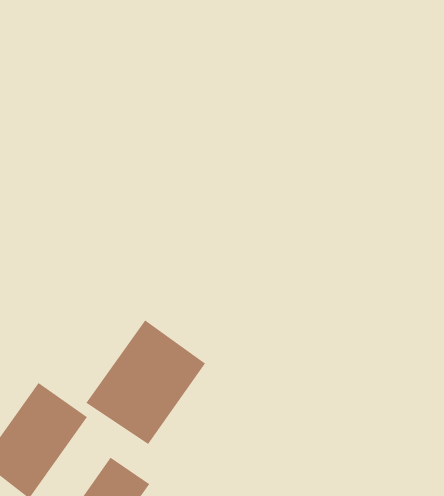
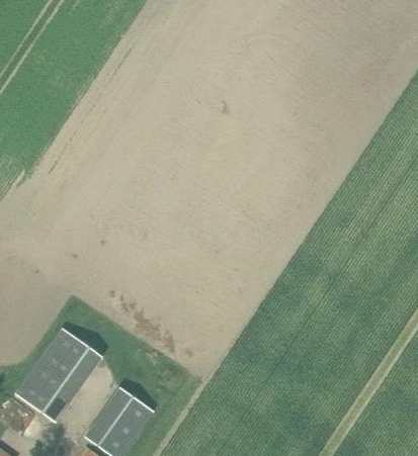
building: [86,319,206,445] -> none

